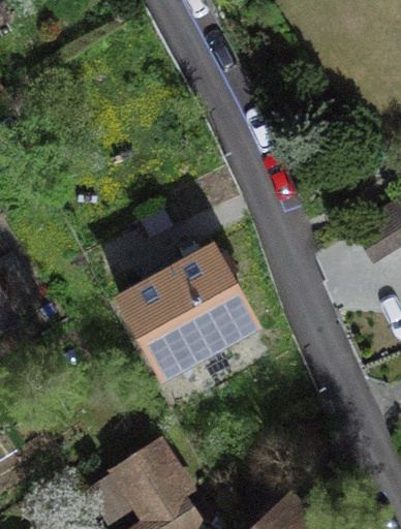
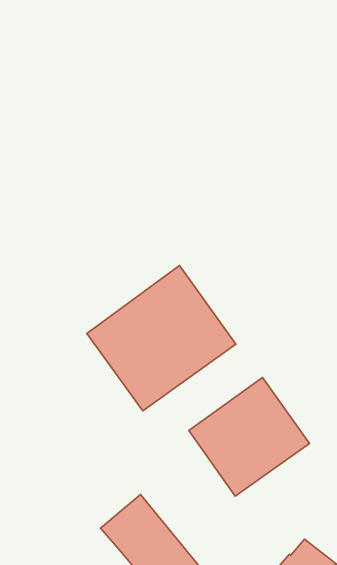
building: none -> [189,378,310,496]

